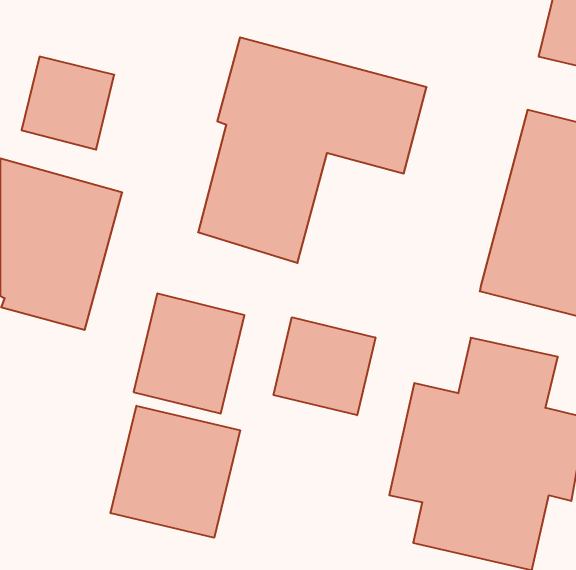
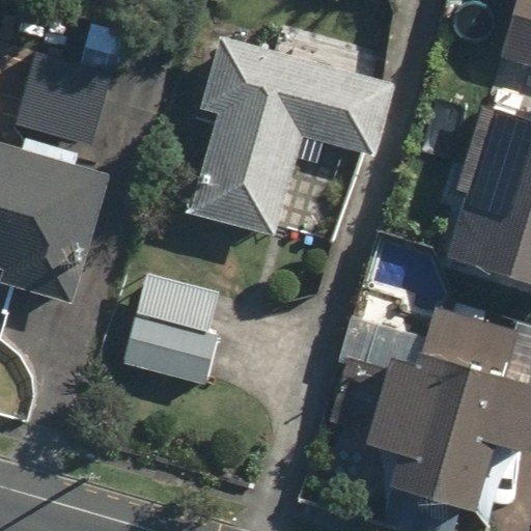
building: [274,317,375,415] -> none
building: [111,406,240,538] -> none

